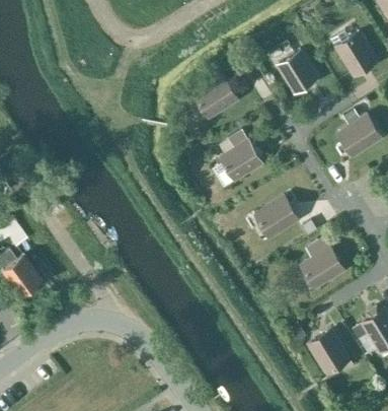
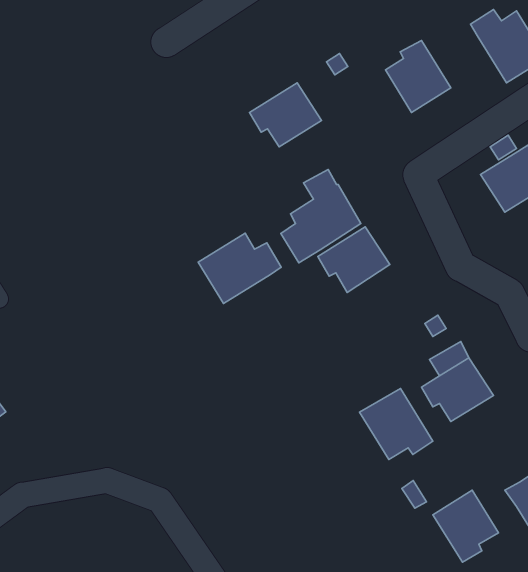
building: none -> [198,233,281,303]
building: [255,197,300,237] -> [318,227,390,292]
building: none -> [360,388,433,459]

